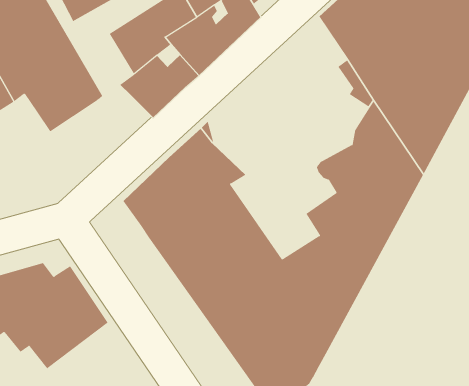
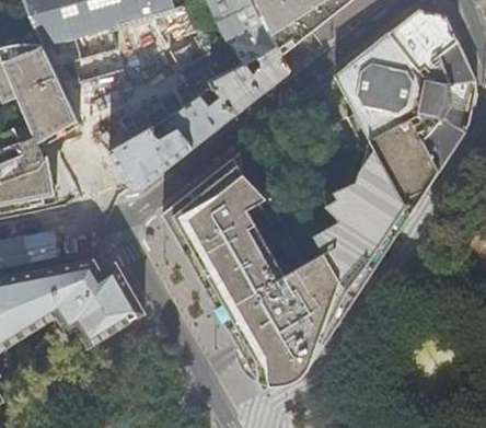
building: none -> [108,127,194,188]

